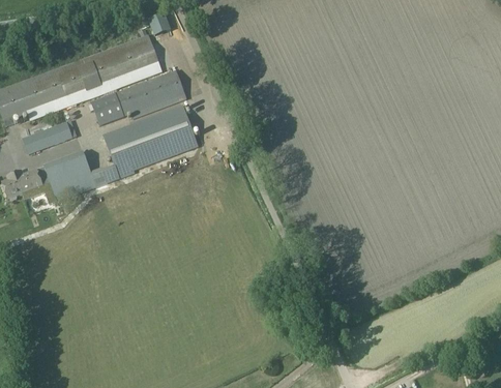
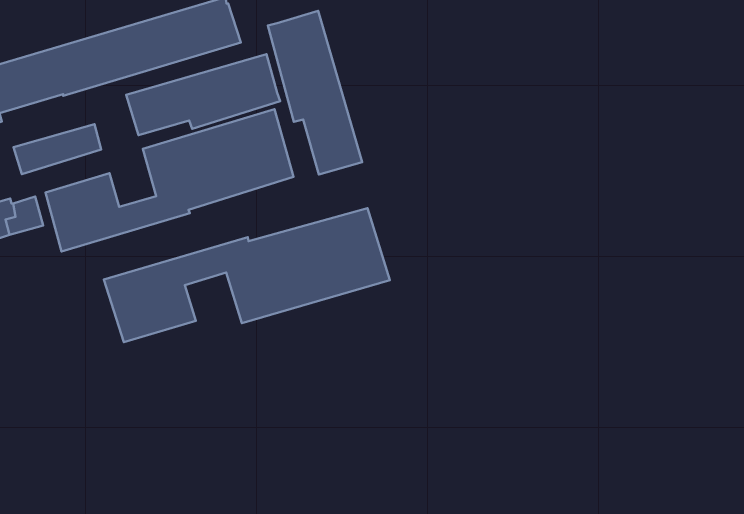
building: none -> [268,11,362,174]
building: none -> [104,208,390,342]

